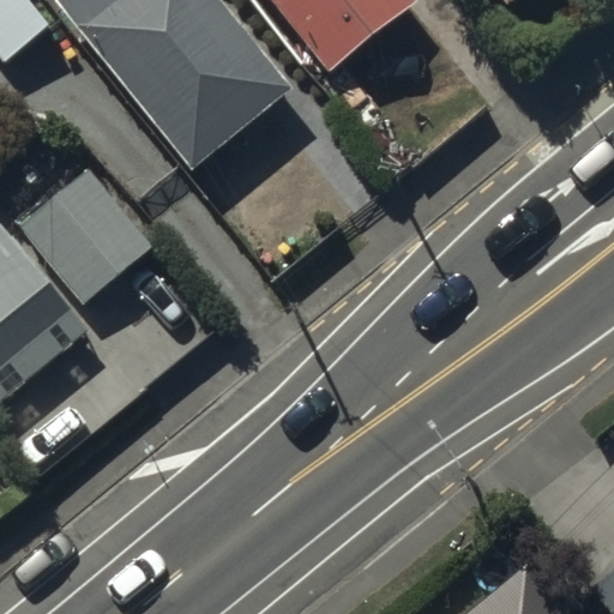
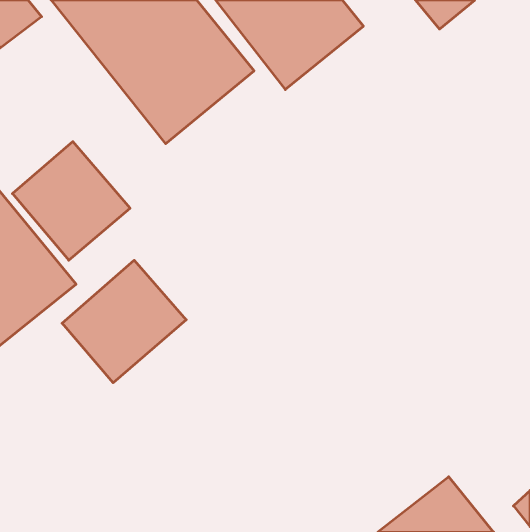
building: none -> [62,260,186,383]

